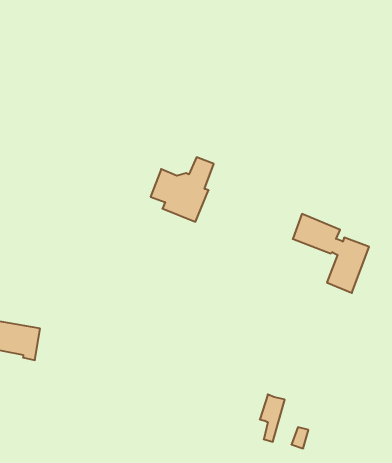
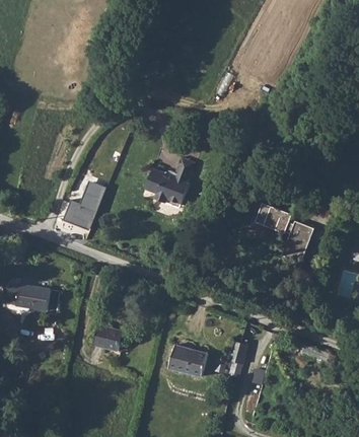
building: none -> [64,189,103,234]
building: none -> [93,325,123,352]
building: none -> [168,345,207,377]

